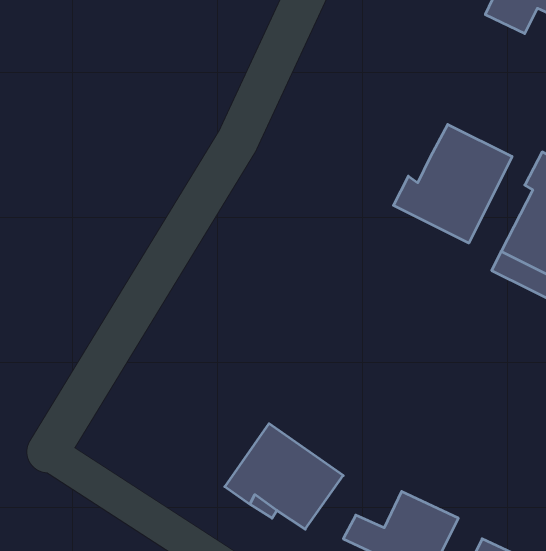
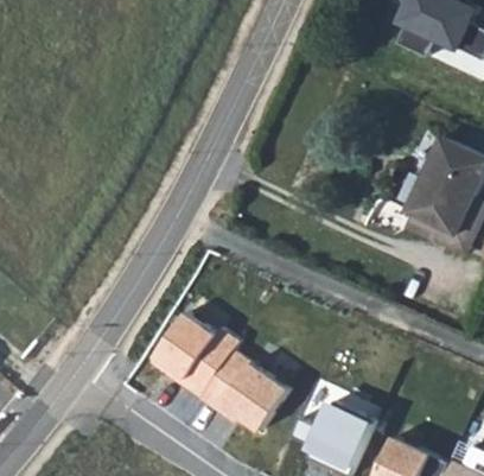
building: [393,124,512,243] -> none
building: none -> [148,311,237,396]

